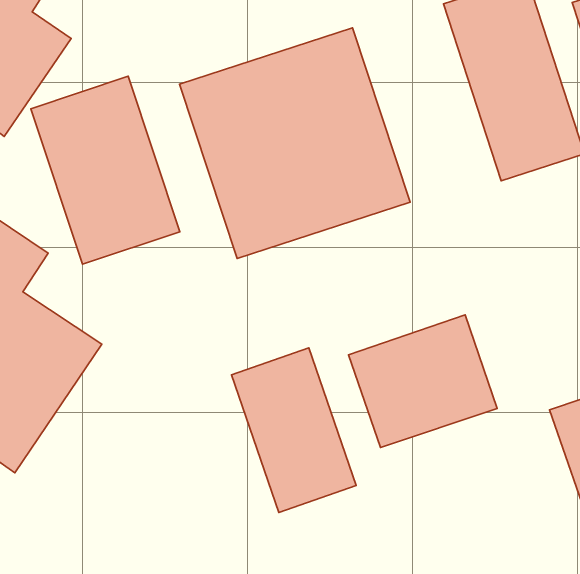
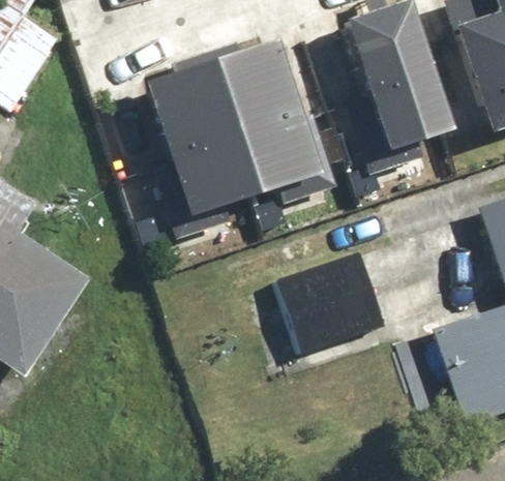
building: [31,76,180,264] -> none
building: [231,348,356,512] -> none

